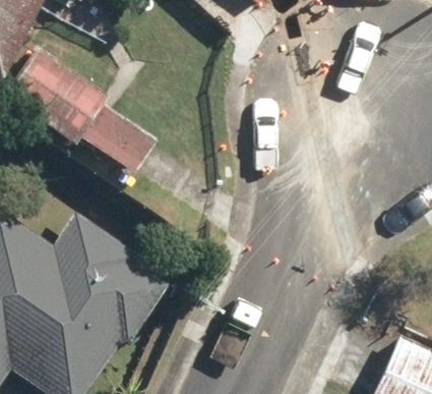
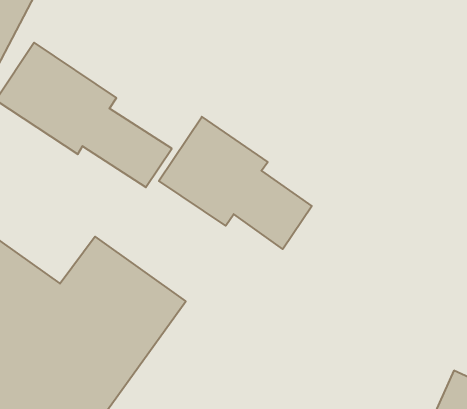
building: none -> [159,117,312,249]

